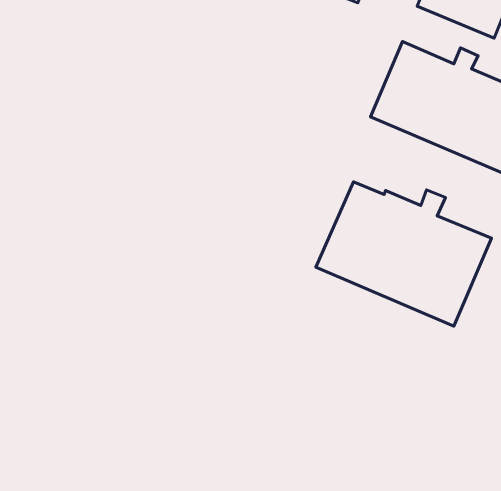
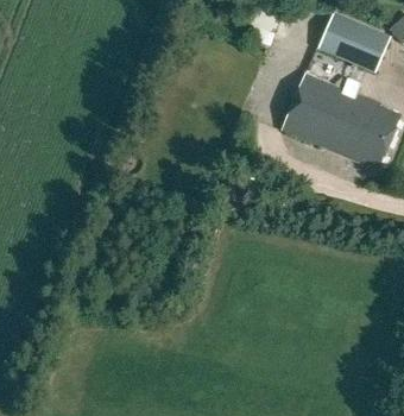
building: [316,182,491,326] -> none

